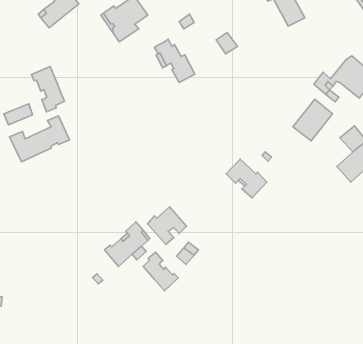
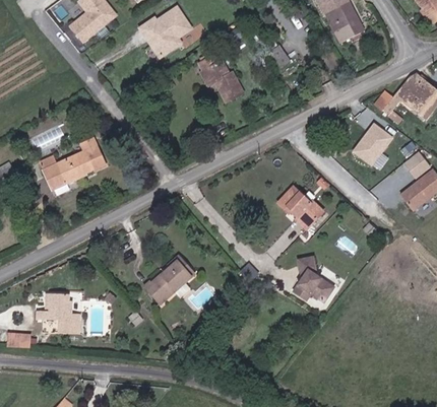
building: [32,66,64,112] -> none
building: [147,207,187,244] -> none
building: none -> [292,256,333,301]
building: [143,252,178,291] -> none
building: none -> [42,292,79,333]

